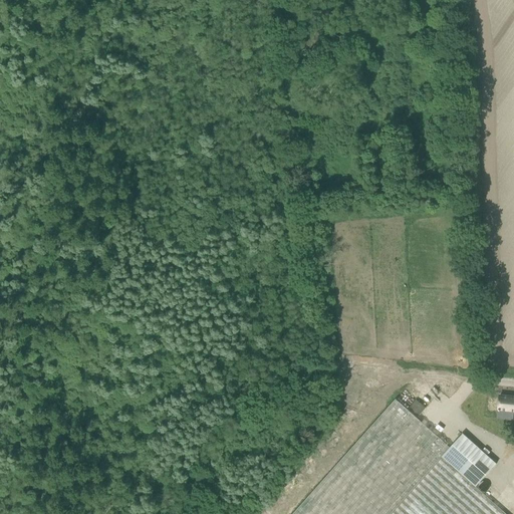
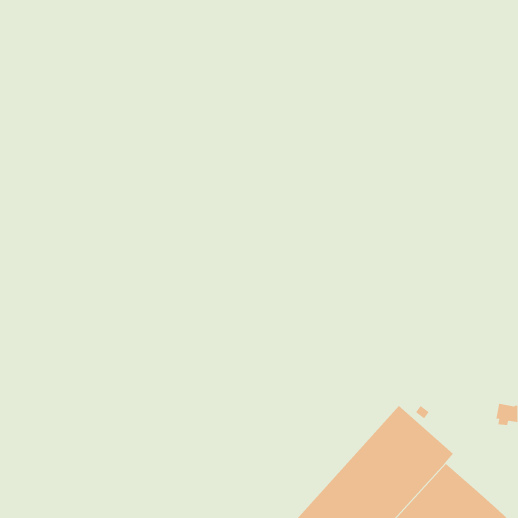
building: [440,436,494,489] -> none

